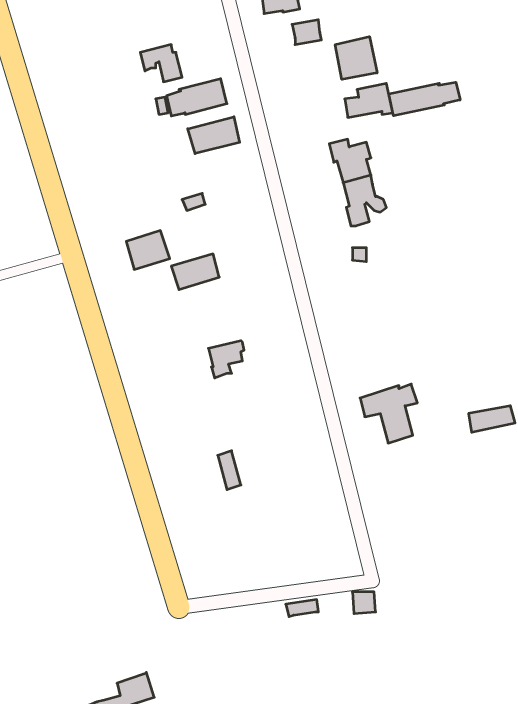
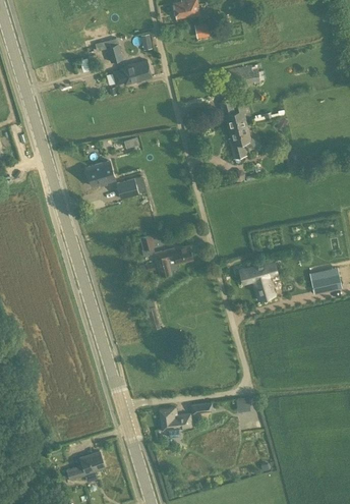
building: [335,37,377,79] -> none
building: [389,82,460,116] -> none
building: [188,117,240,154] -> none
building: none -> [155,245,192,276]
building: none -> [159,407,191,430]

